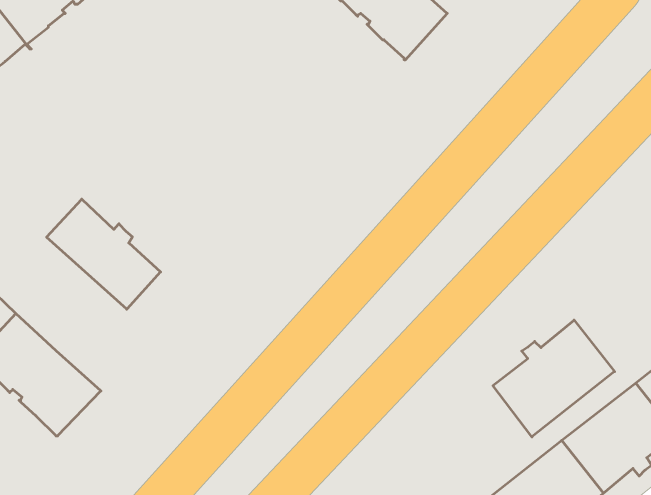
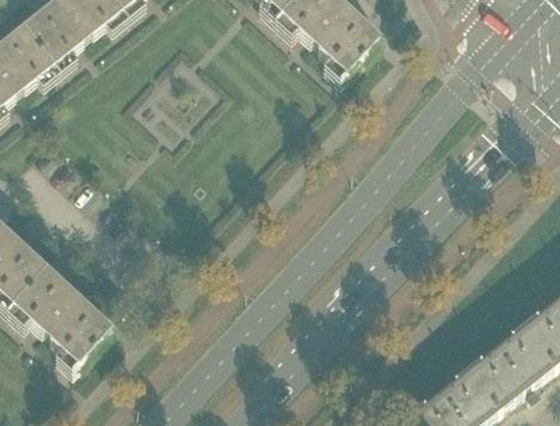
building: [47,199,161,309] -> none
building: [493,320,615,437] -> none

